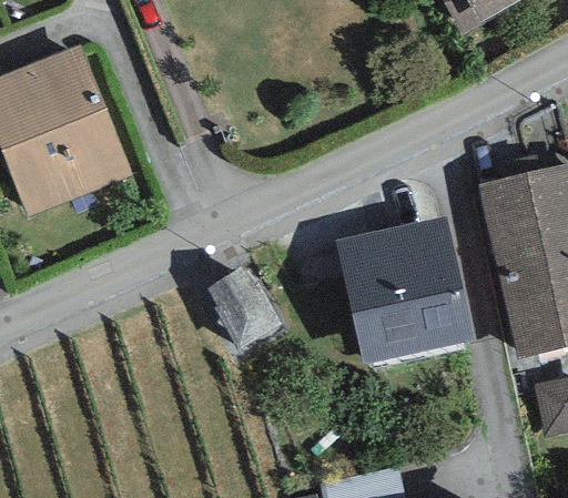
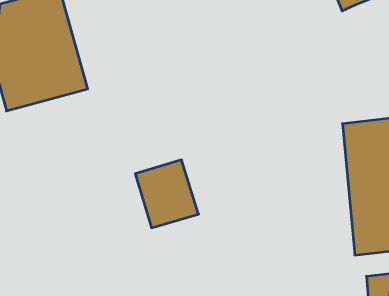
building: [335,216,474,366] -> none

